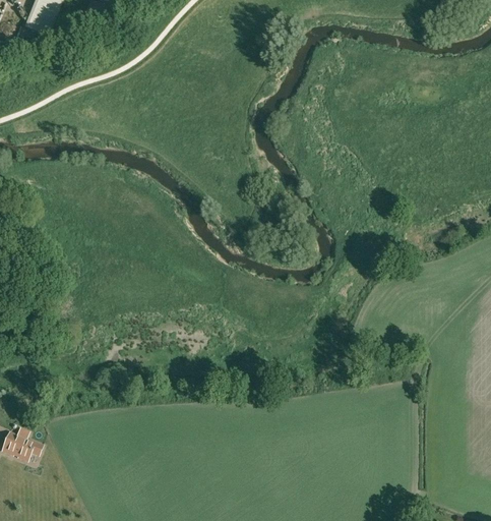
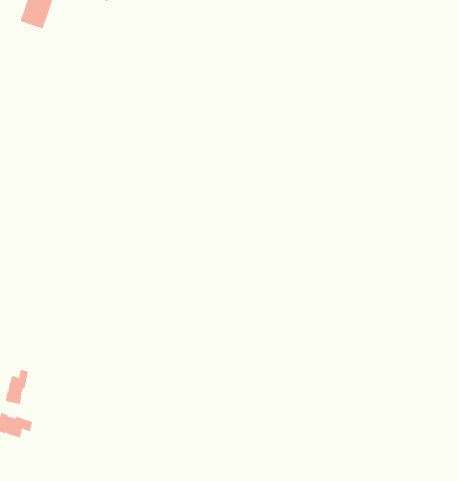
building: none -> [5,369,29,405]

